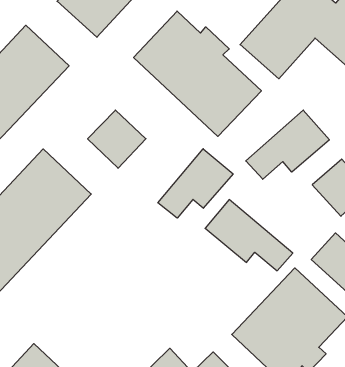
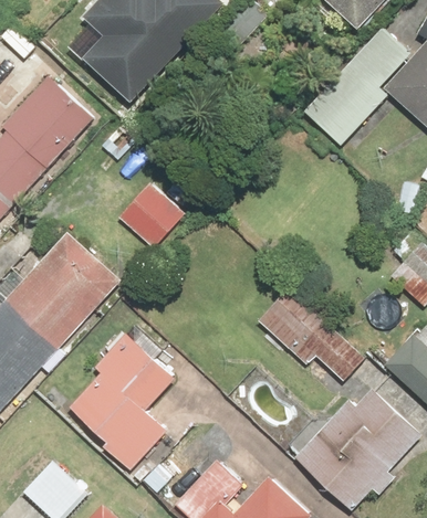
building: [134,11,261,136] -> none
building: [246,110,329,179] -> none
building: [158,149,233,218] -> none
building: none -> [65,332,181,468]

